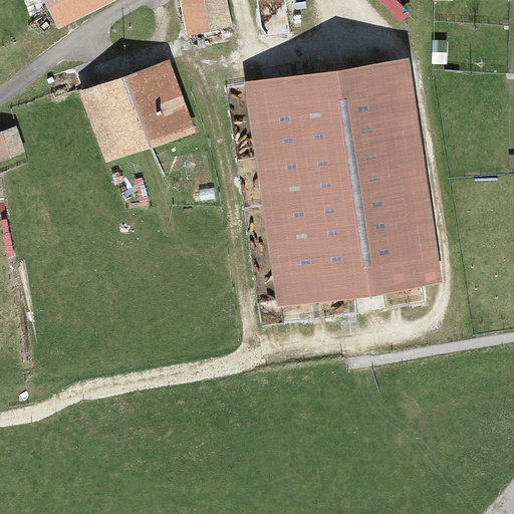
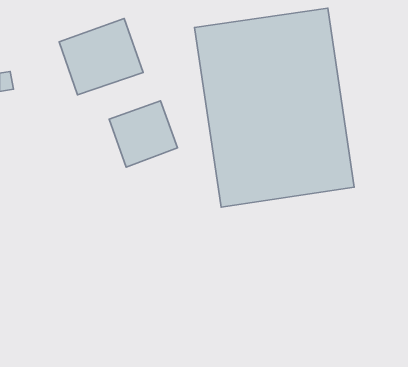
building: none -> [109,101,178,167]

